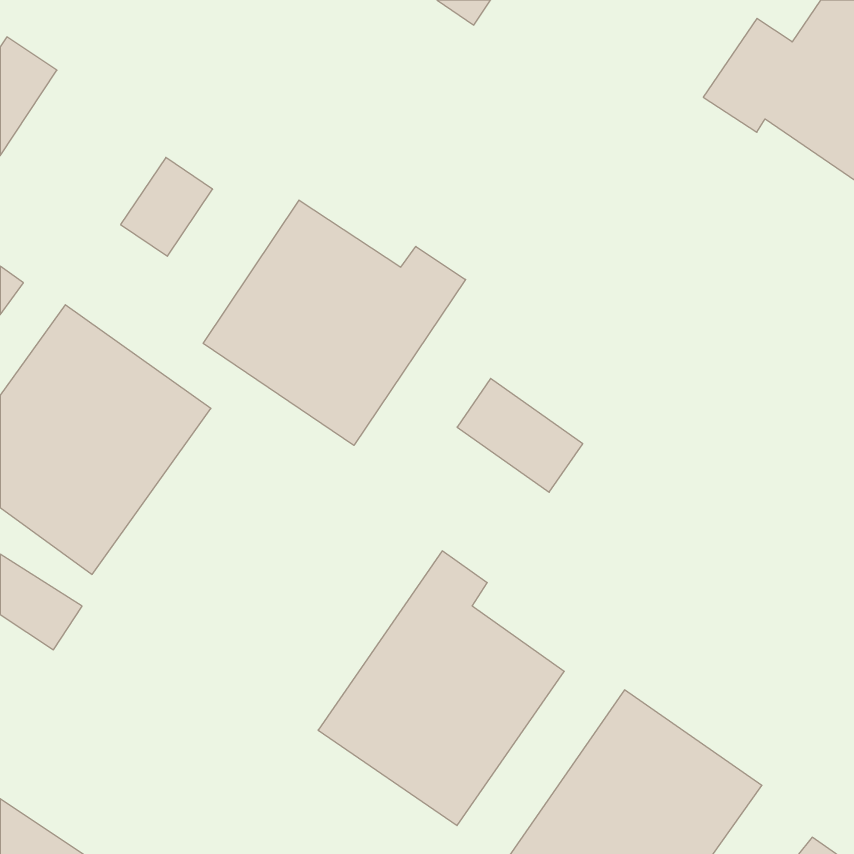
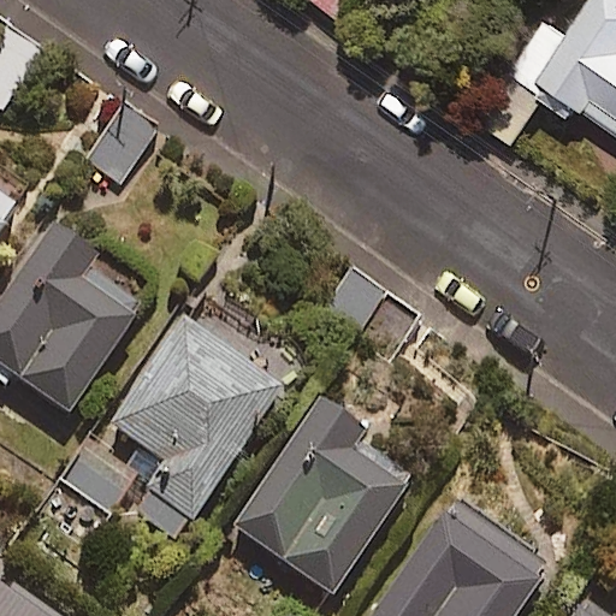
building: [203,200,466,445] -> none
building: none -> [65,313,296,541]

